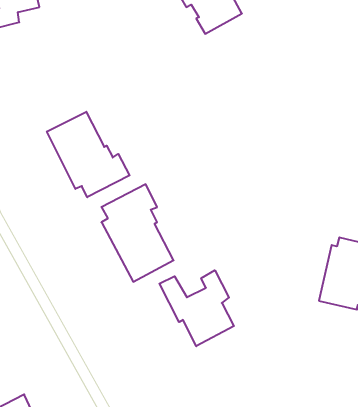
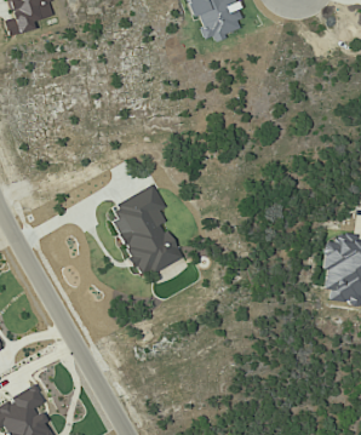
building: [47,112,130,197] -> none
building: [159,270,234,346] -> none

